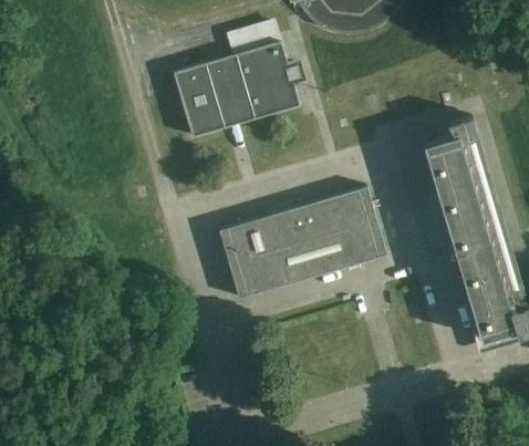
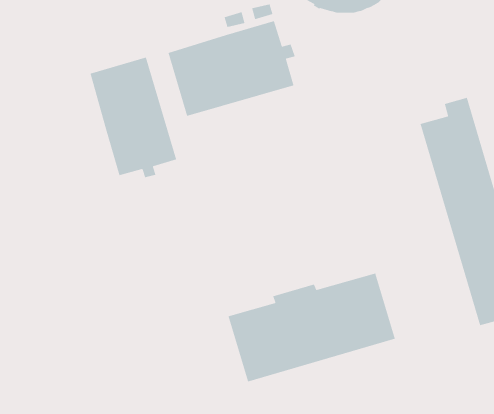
building: none -> [90,56,177,178]
building: [216,189,383,299] -> [228,272,396,383]

